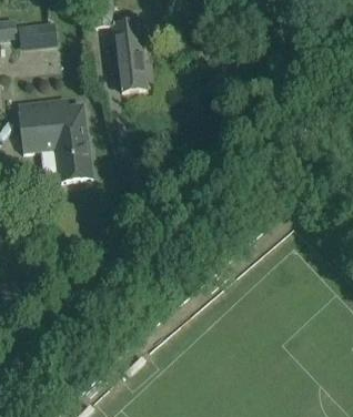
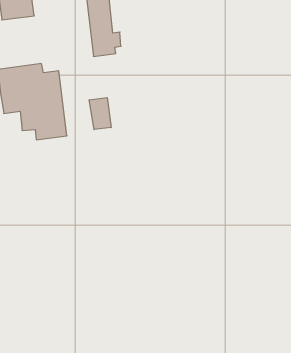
building: none -> [89,98,111,130]

